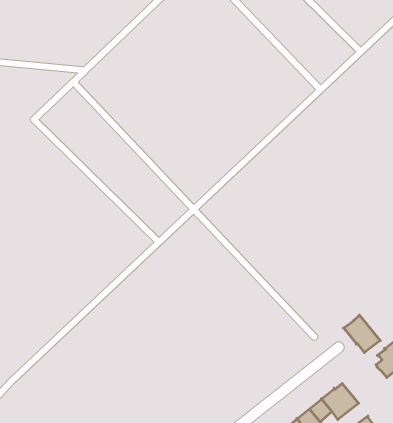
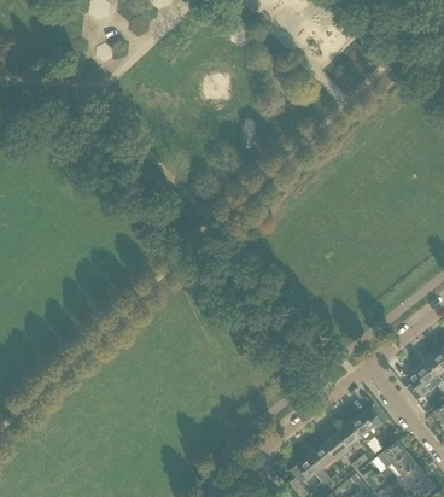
building: [343,315,380,353] -> none

